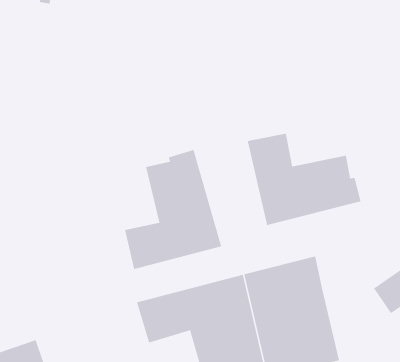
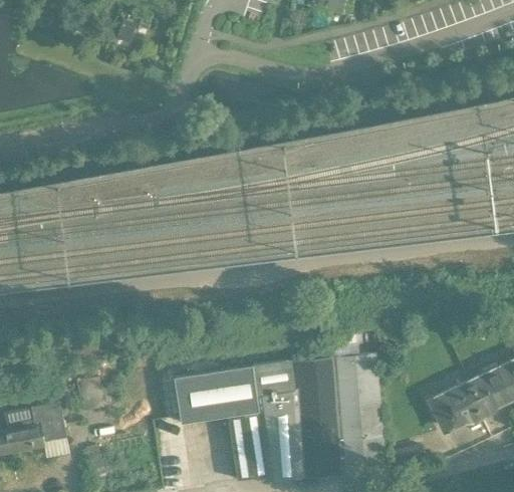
building: [247,133,361,226] -> none
building: [125,149,222,270] -> none

